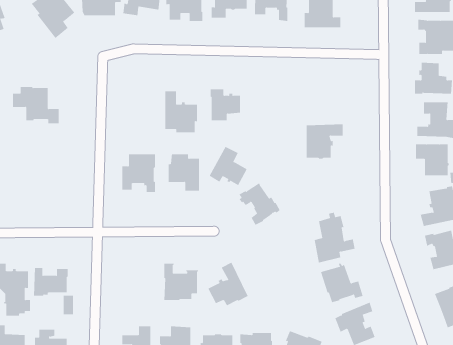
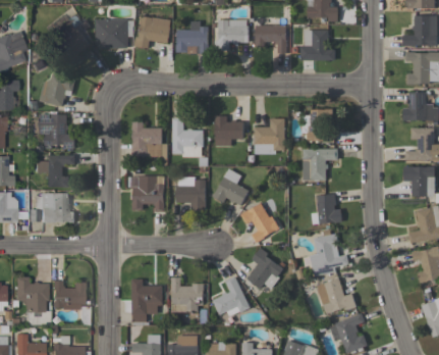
building: none -> [39,73,74,106]
building: none -> [301,108,334,141]
building: none -> [255,118,284,153]
building: none -> [131,121,162,156]
building: none -> [34,154,74,187]
building: none -> [33,193,73,222]
building: none -> [311,193,341,224]
building: none -> [246,247,283,289]
building: none -> [131,278,162,324]

